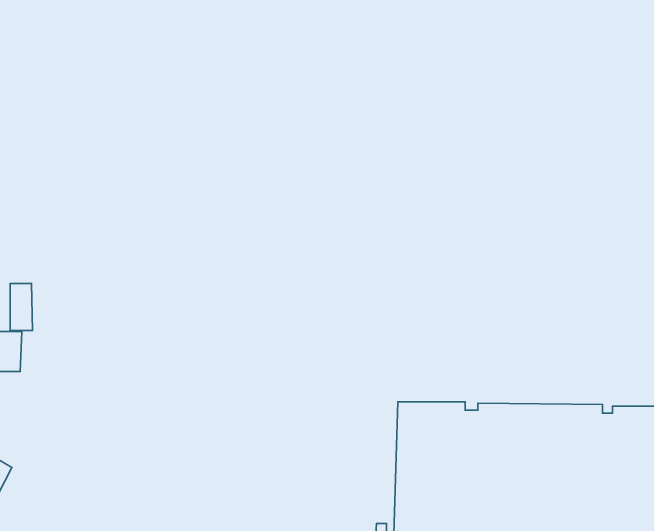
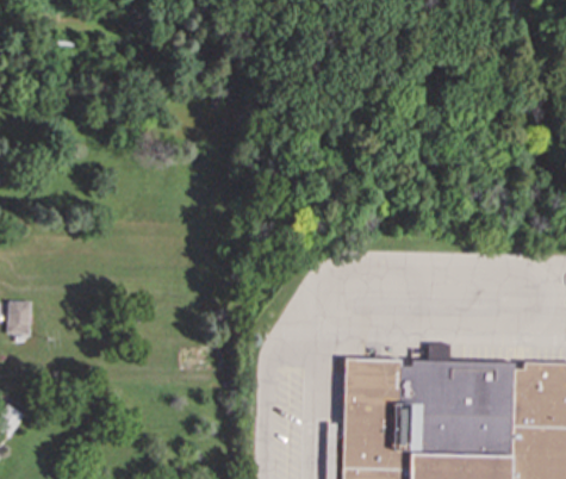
building: [10,283,33,331] -> none

